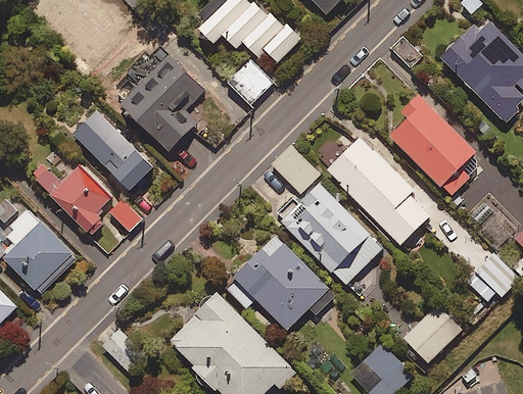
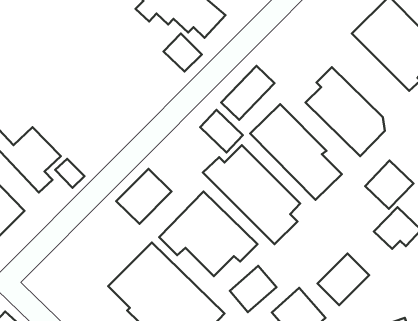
building: [118,40,206,152] -> none
building: none -> [221,66,274,120]
building: [73,110,153,193] -> none
building: none -> [365,161,413,209]
building: none -> [116,169,172,224]
building: none -> [230,266,276,312]

